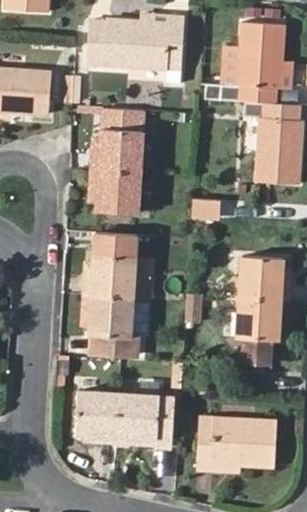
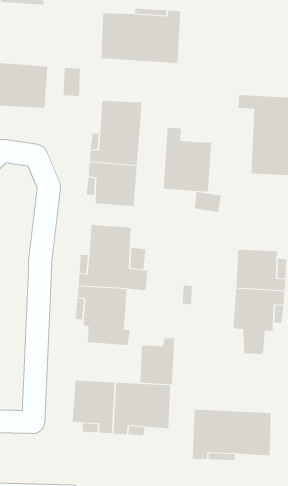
building: [207,22,284,103] -> none
building: none -> [163,127,212,193]
building: none -> [140,338,175,385]

